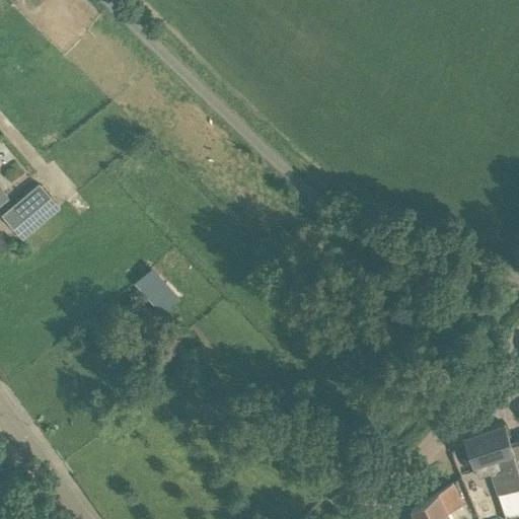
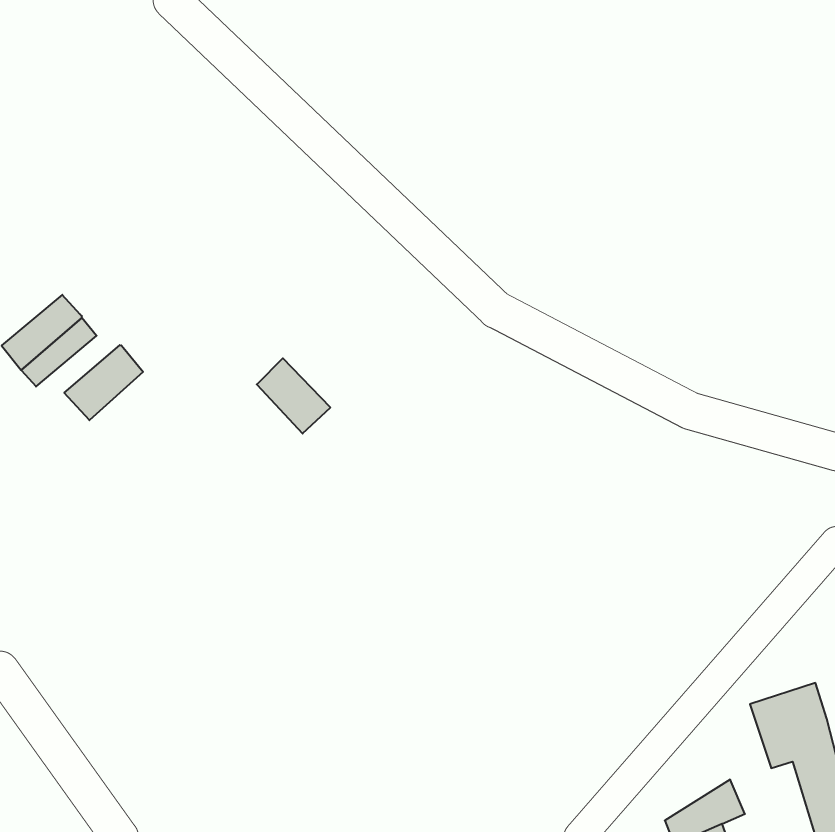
building: none -> [64,345,143,420]
building: [131,268,176,314] -> [257,358,330,434]

